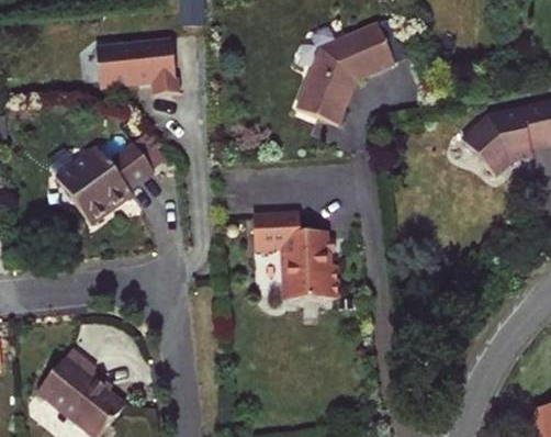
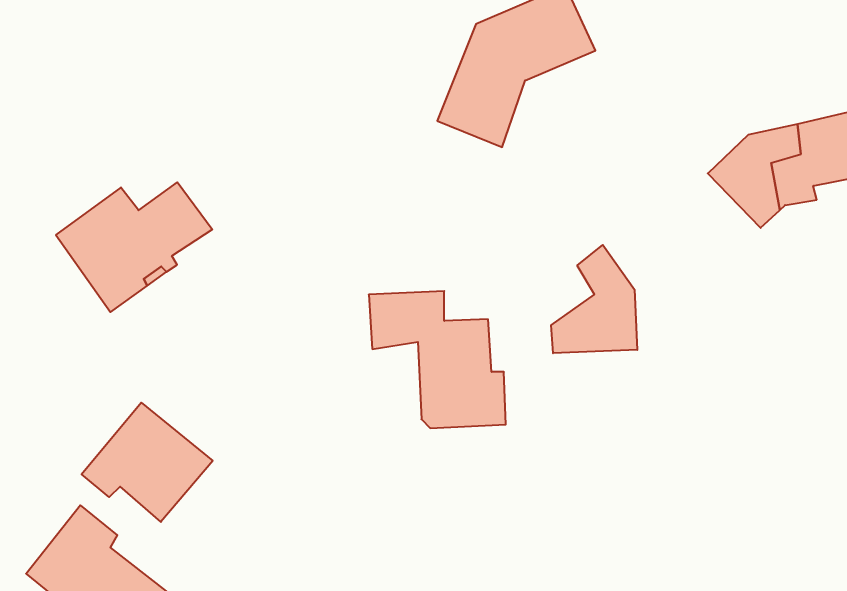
building: [97,38,178,93] -> none
building: none -> [551,245,637,353]
building: none -> [82,403,213,522]

